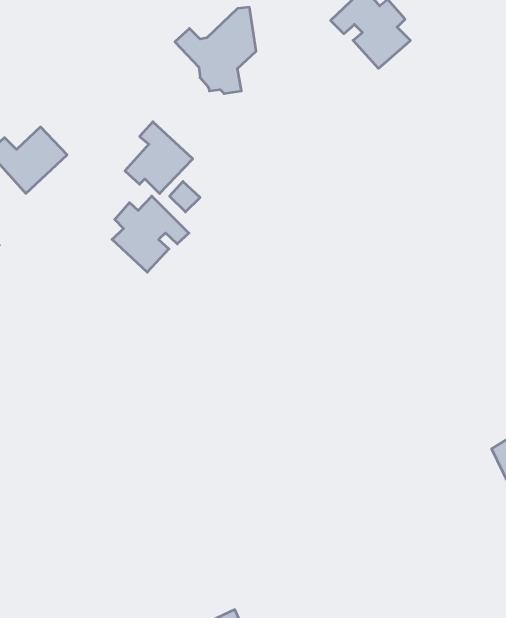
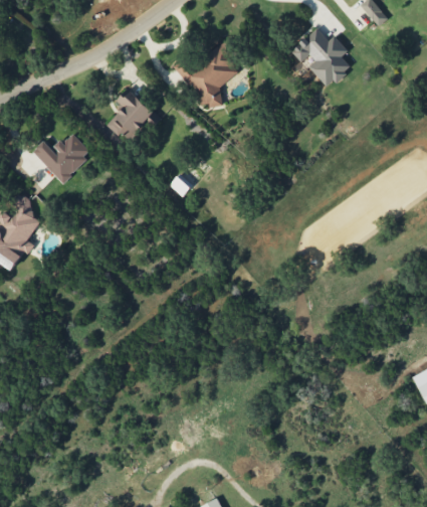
building: [125,122,193,194] -> [106,89,158,143]
building: [112,196,189,272] -> none

